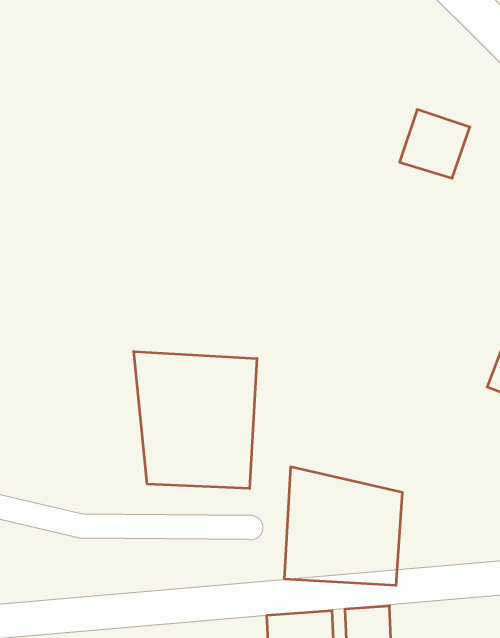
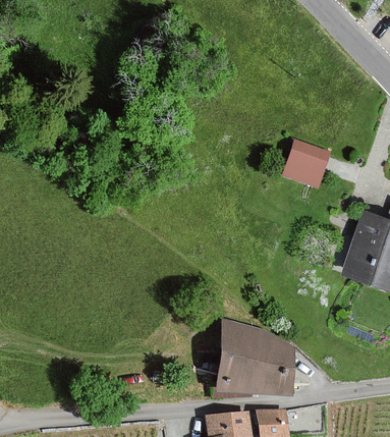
building: [400,110,470,178] -> [284,142,329,185]
building: [134,351,257,489] -> none

